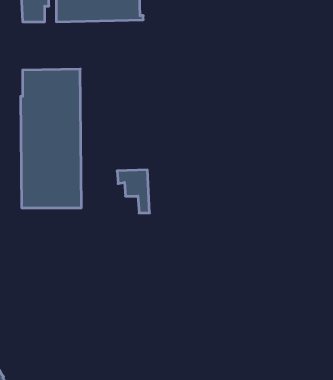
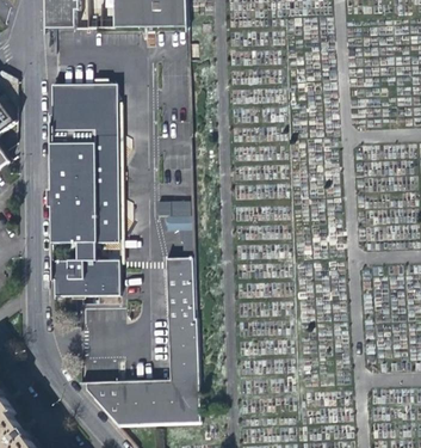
building: none -> [86,256,197,422]
building: none -> [49,260,117,295]

